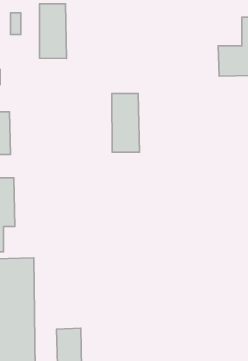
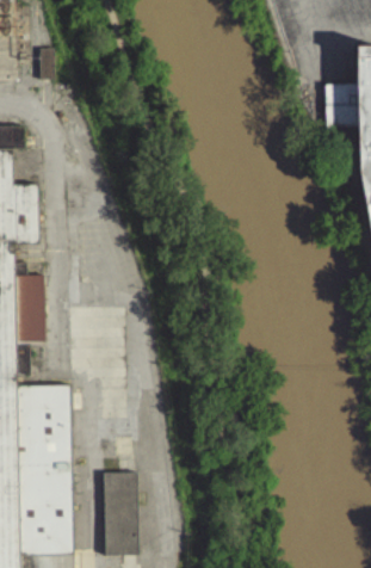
building: [40,4,66,58] -> none
building: [112,93,139,152] -> none

